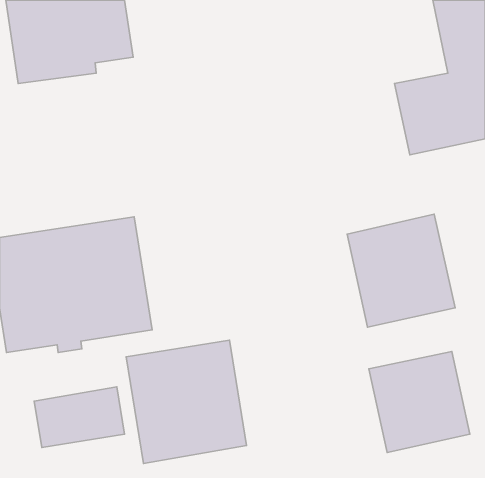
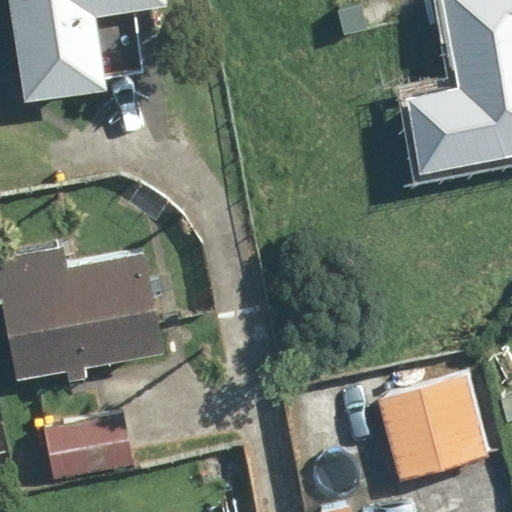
building: [347,214,455,327] -> none
building: [126,340,247,463] -> none

